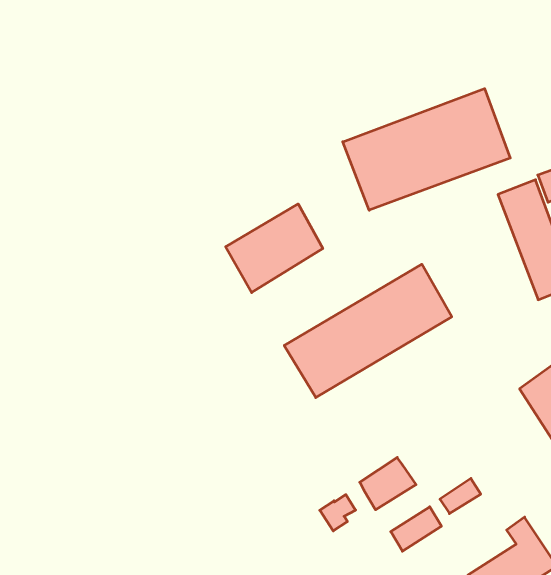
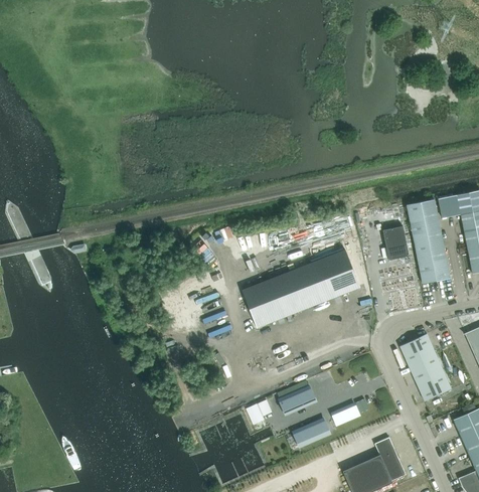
building: [343,89,510,210] -> none
building: [226,204,323,293] -> none
building: none -> [383,225,410,260]

